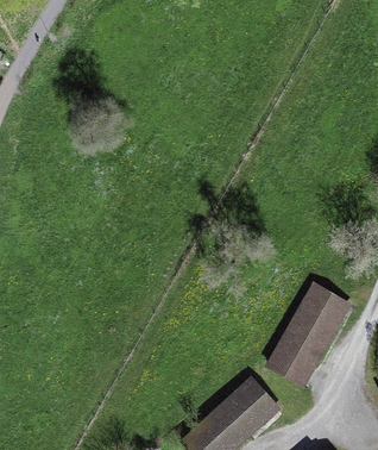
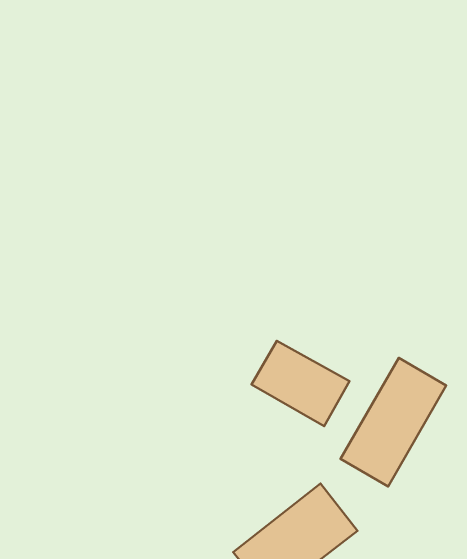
building: none -> [251,341,349,426]

